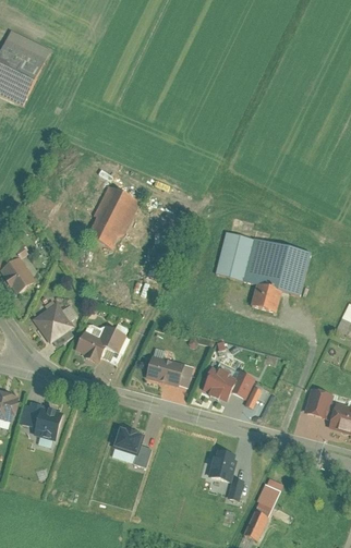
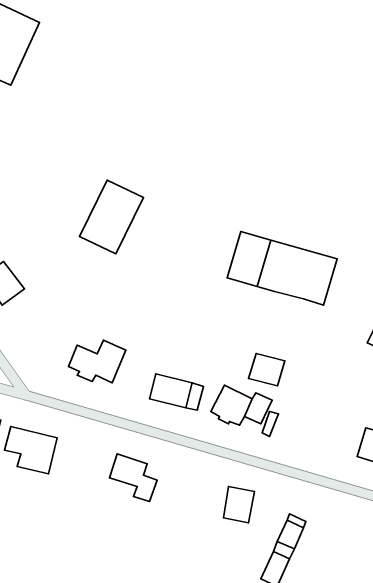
building: [249,283,280,312] -> [249,353,285,386]
building: [33,302,74,342] -> none
building: [304,388,334,418] -> none

